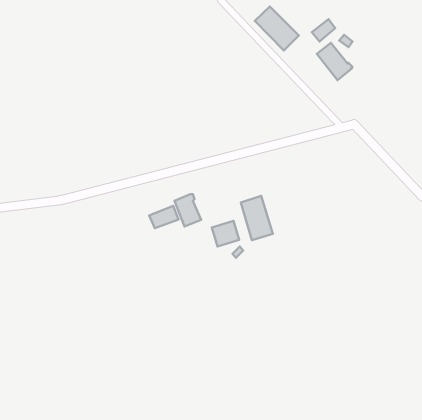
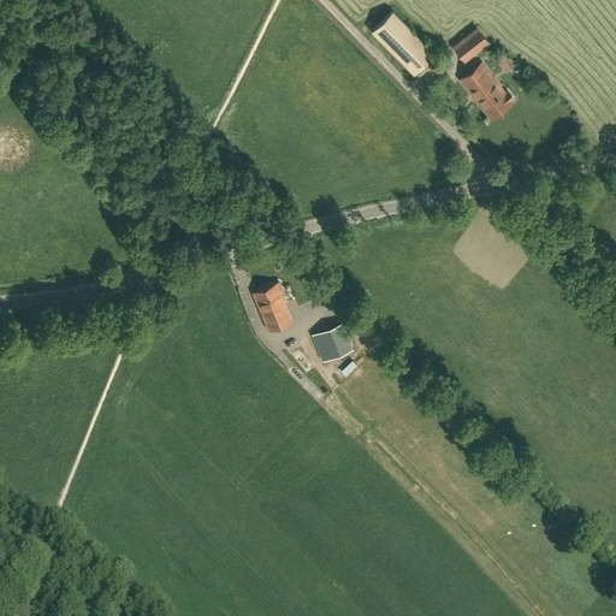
building: [241,196,273,240] -> none
building: [149,206,178,228] -> none

